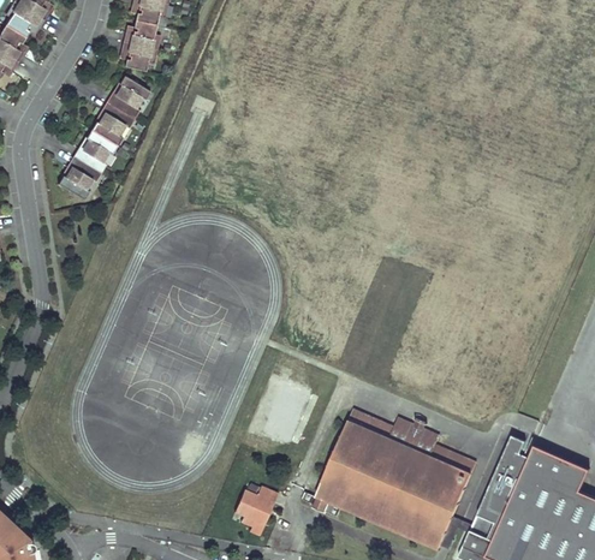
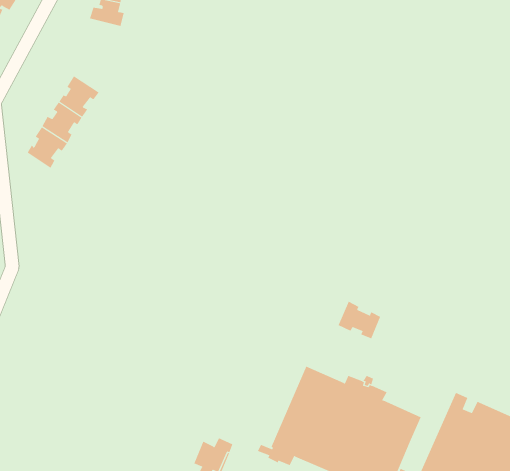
building: [121,42,157,72] -> none
building: [107,77,150,120] -> none
building: none -> [338,301,381,339]

